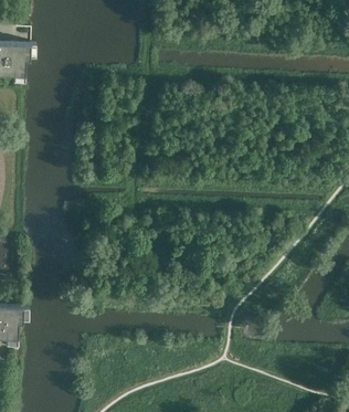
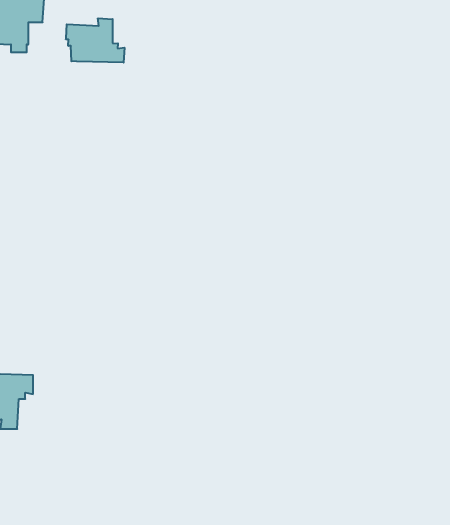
building: none -> [66,18,124,63]

